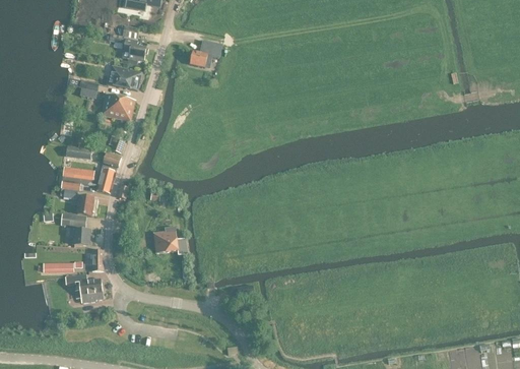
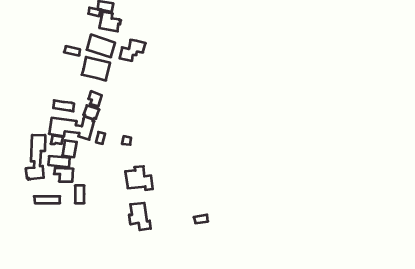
building: [190,41,221,66] -> [120,40,146,61]
building: none -> [26,135,45,180]
building: none -> [129,203,151,230]
building: [65,273,104,301] -> none

